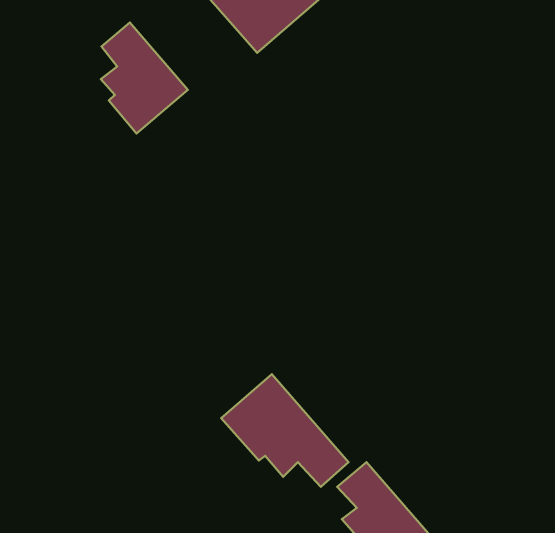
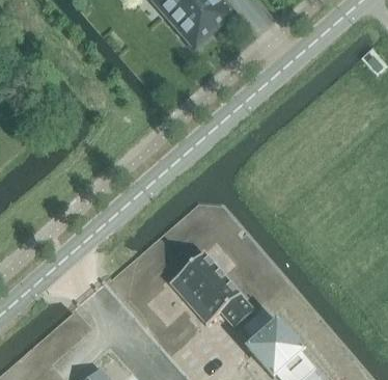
building: [101,23,188,134] -> none

